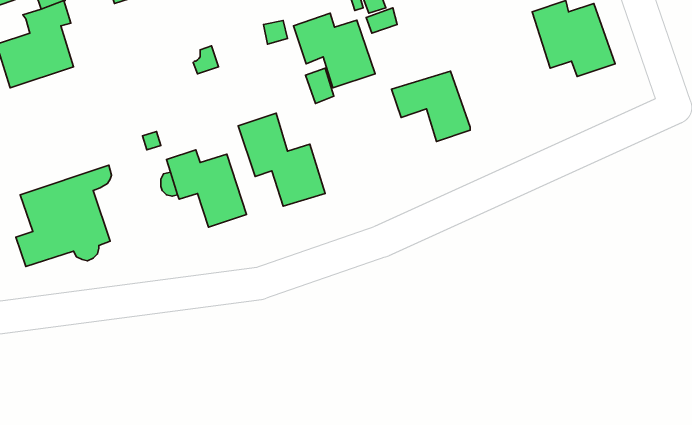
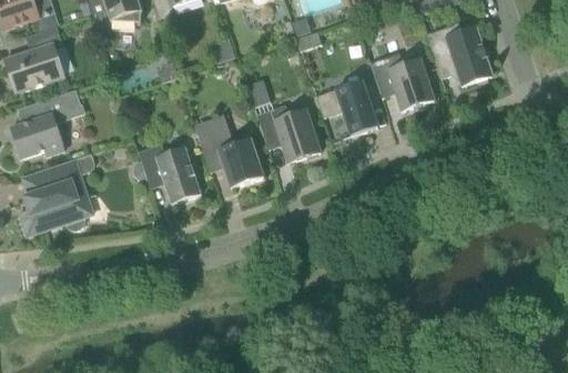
building: [294,13,375,88] -> [256,103,321,162]
building: none -> [371,52,434,110]
building: none -> [13,89,83,158]

